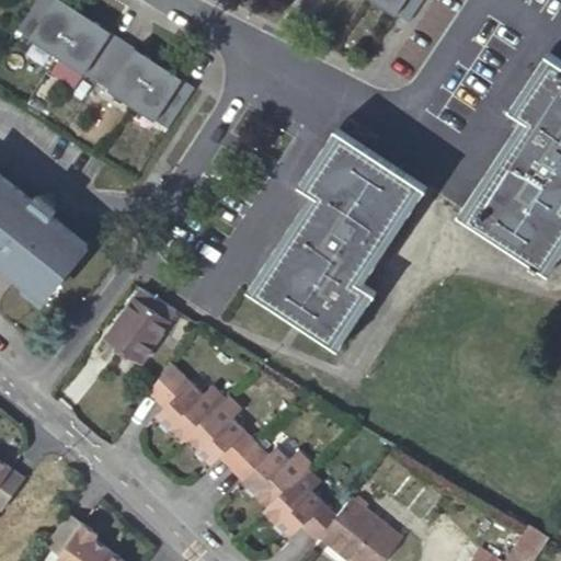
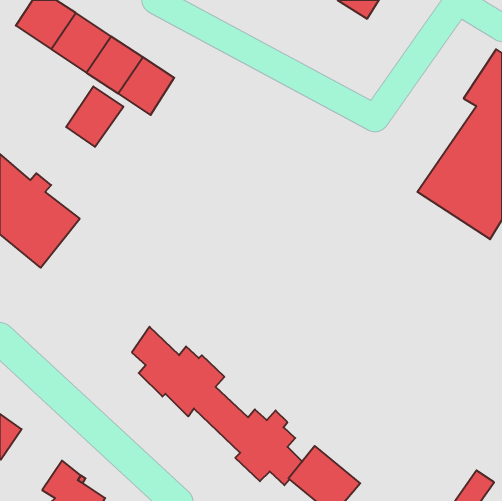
building: none -> [66,86,123,147]
building: [254,134,421,345] -> none
building: [106,285,175,363] -> none

